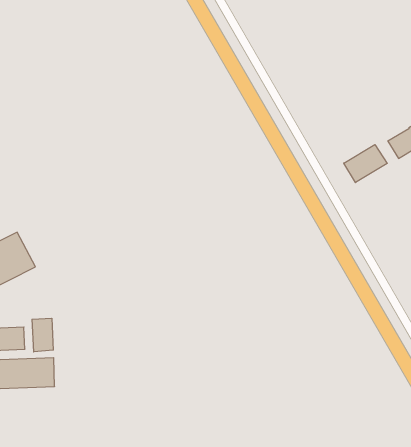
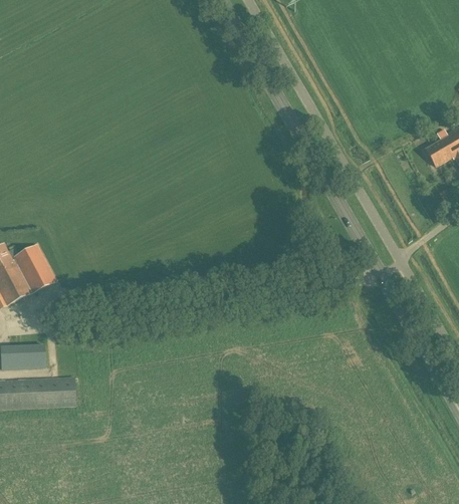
building: [344,145,387,183] -> none
building: [32,318,53,352] -> none

